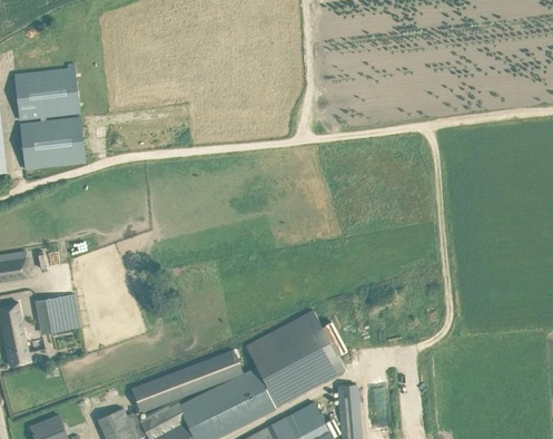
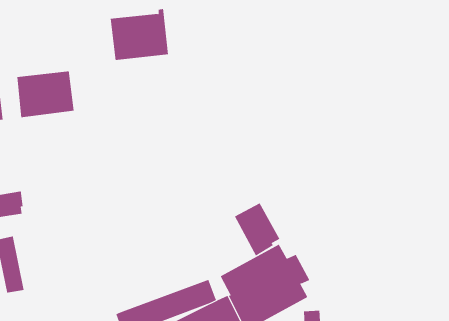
building: [14,62,80,120] -> [110,8,169,61]
building: none -> [234,203,280,256]
building: [38,294,81,333] -> none

